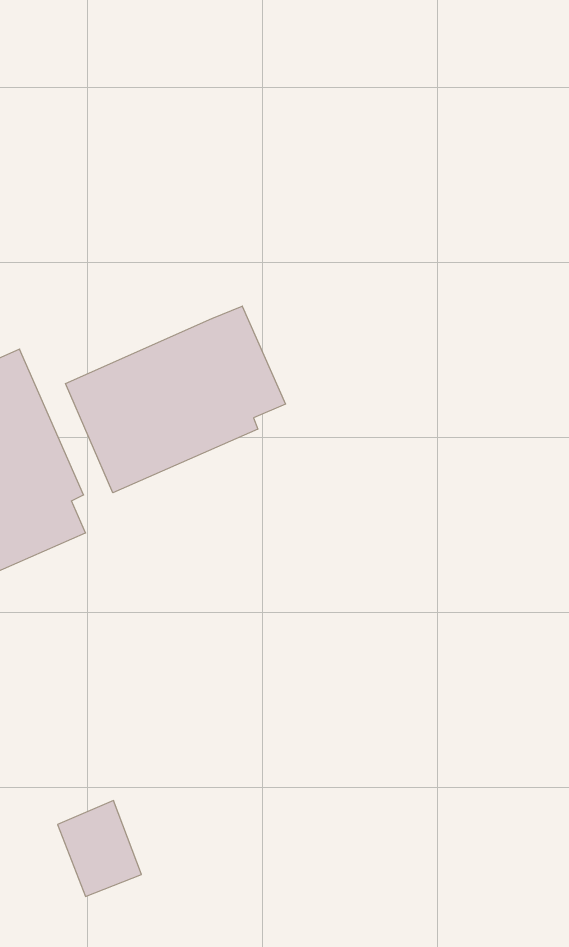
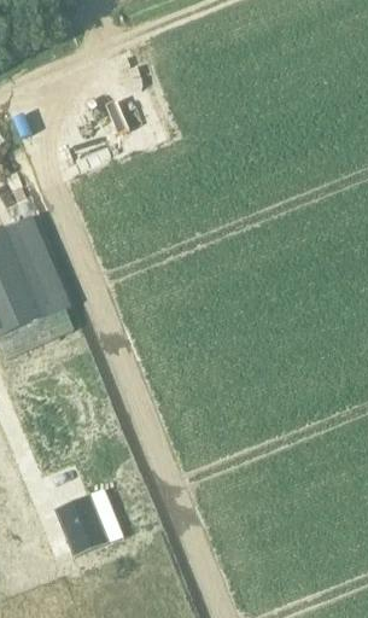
building: [66,306,285,493] -> none

